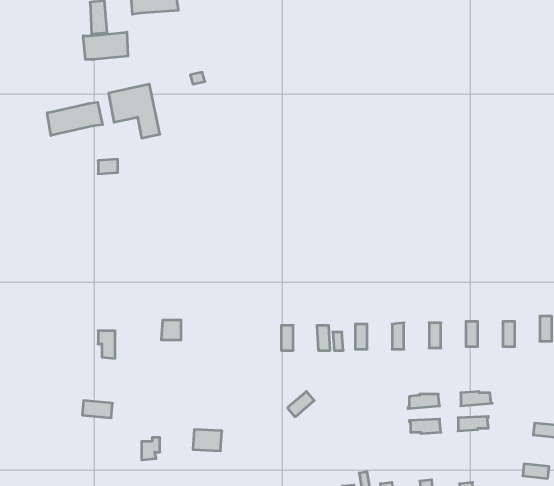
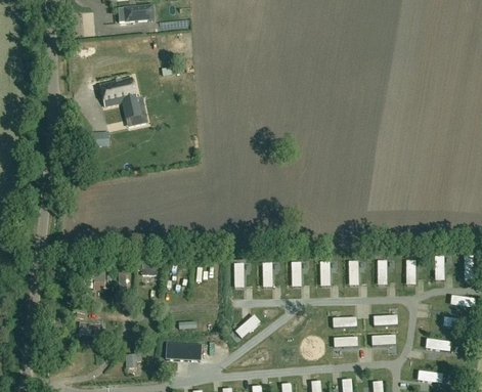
building: [83,32,128,60] -> none
building: [47,102,103,136] -> none

